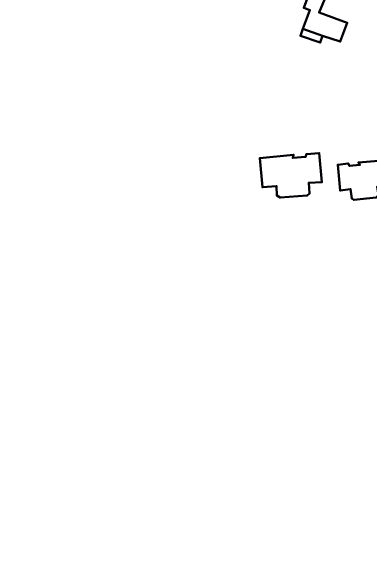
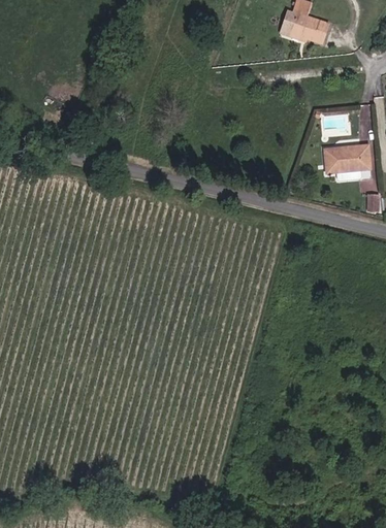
building: [260,153,322,197] -> none

